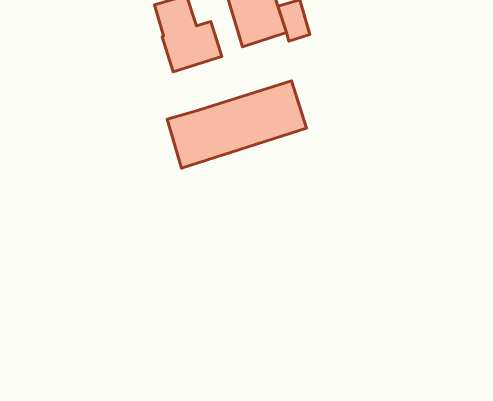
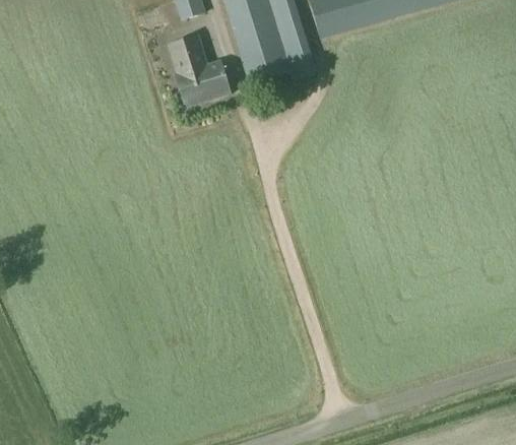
building: [167,81,306,168] -> none

